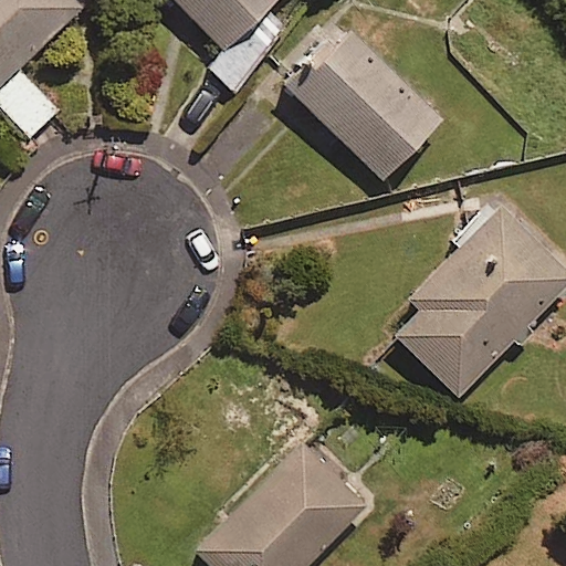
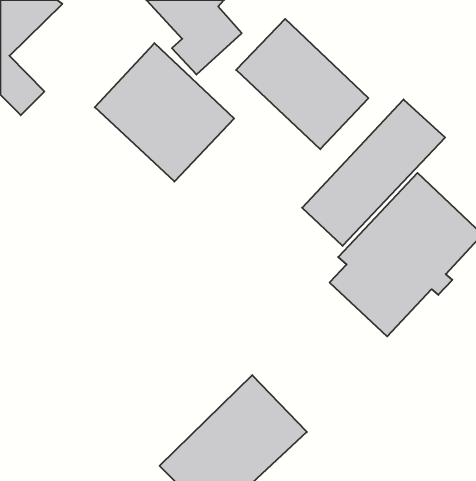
building: none -> [95,43,234,182]
building: none -> [302,99,445,246]

